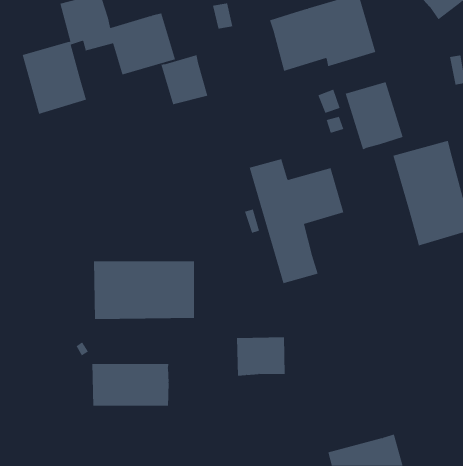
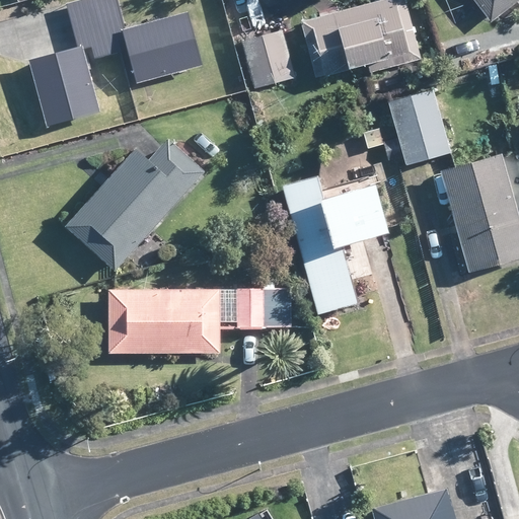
building: [161,55,208,105] -> [243,30,296,86]
building: none -> [65,140,205,272]
building: [236,337,286,376] -> [237,287,292,330]
building: [92,363,169,406] -> none

